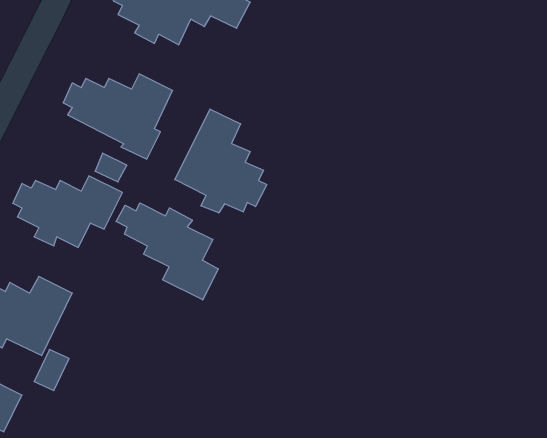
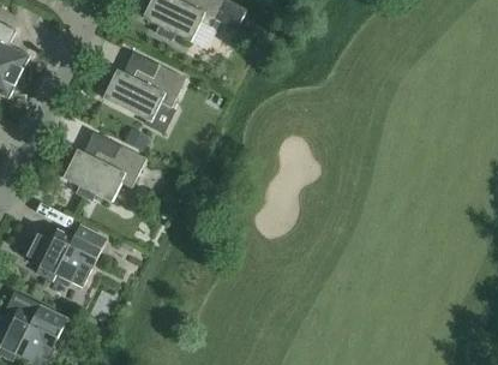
building: [175,109,267,213] -> none
building: [116,203,218,300] -> none

